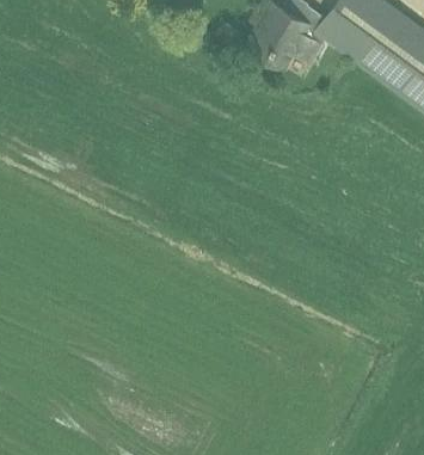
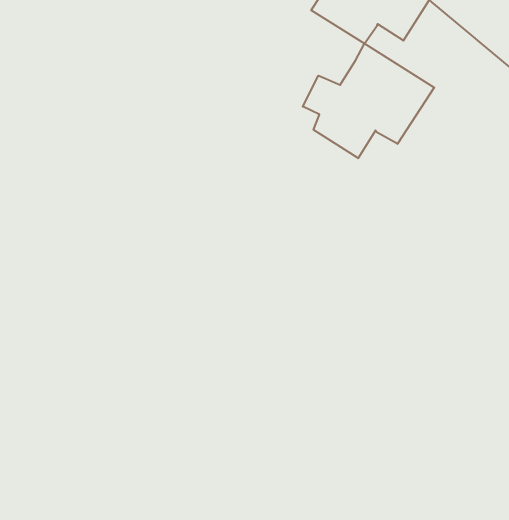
building: none -> [303,43,434,158]

